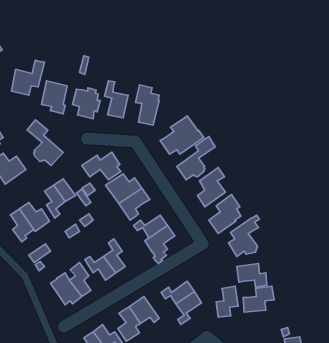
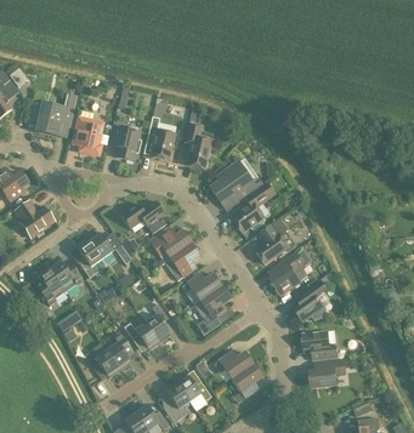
building: [27,120,63,165] -> none
building: [216,286,238,317] -> none

